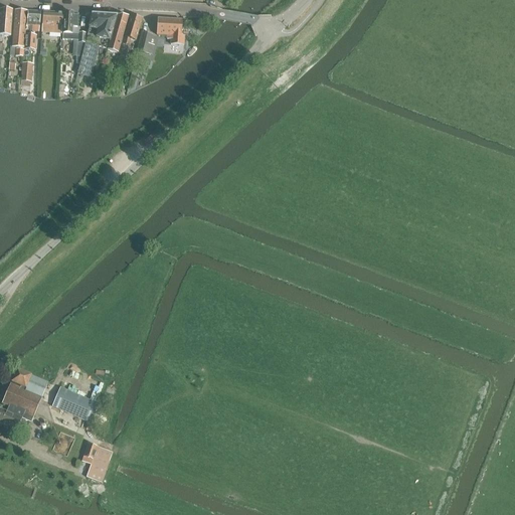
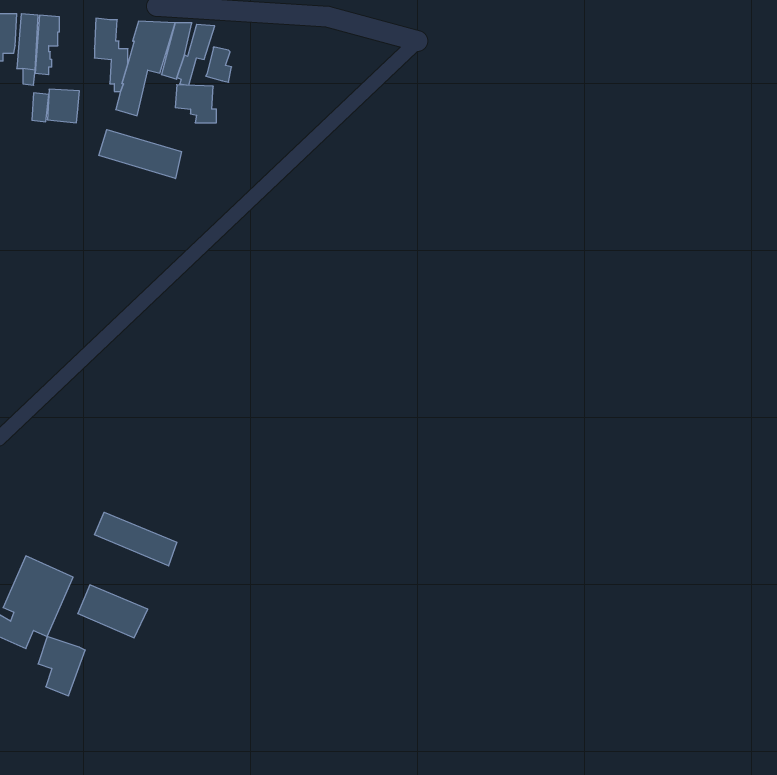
building: [41,11,62,33] -> [47,89,79,123]
building: [156,18,183,43] -> [175,85,216,123]
building: none -> [99,130,182,179]
building: none -> [95,512,177,566]
building: [80,443,112,482] -> [38,636,85,696]

